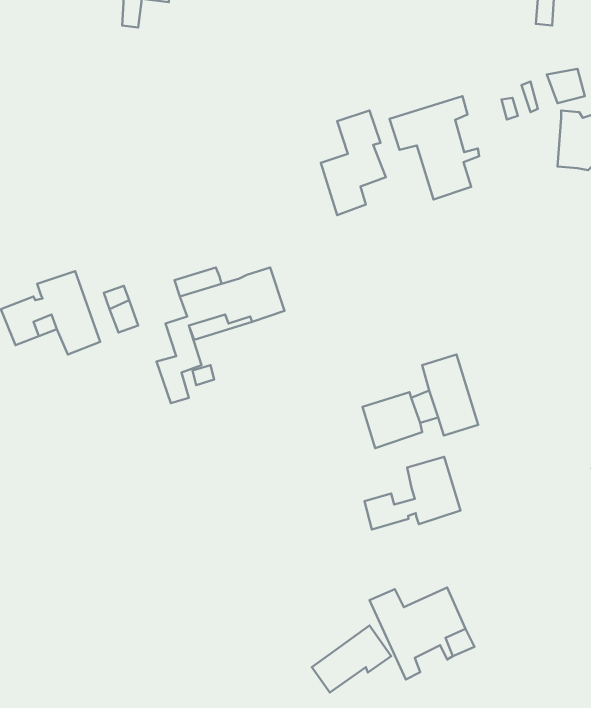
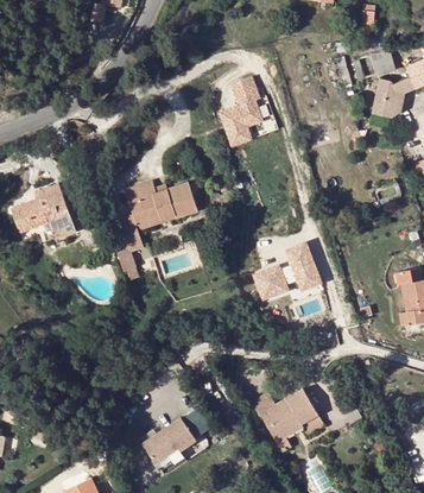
building: [389,96,479,200] -> none
building: [365,457,461,530] -> none
building: [312,626,391,692] -> [143,415,195,459]

